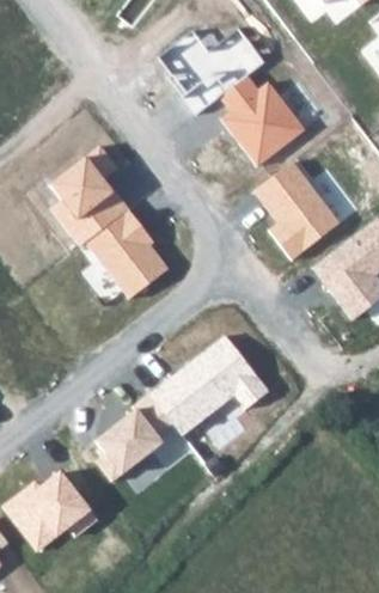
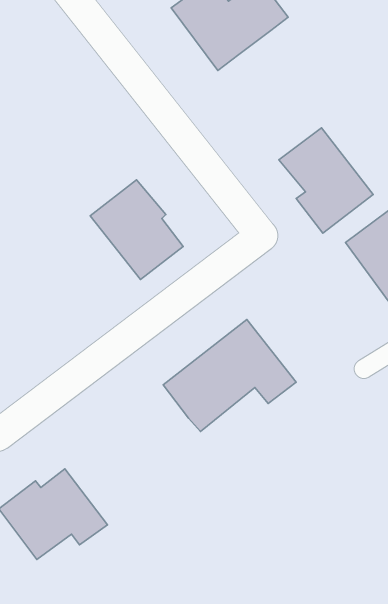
building: [219,75,305,166] -> none
building: [48,143,127,245] -> none
building: [96,393,173,483] -> none

